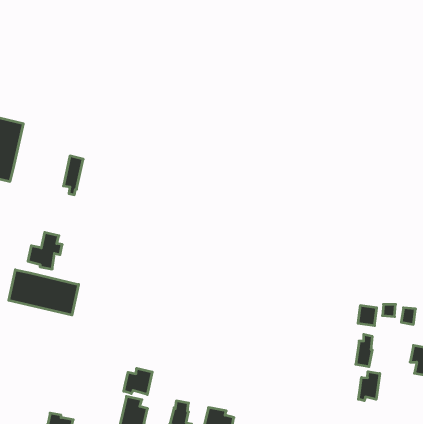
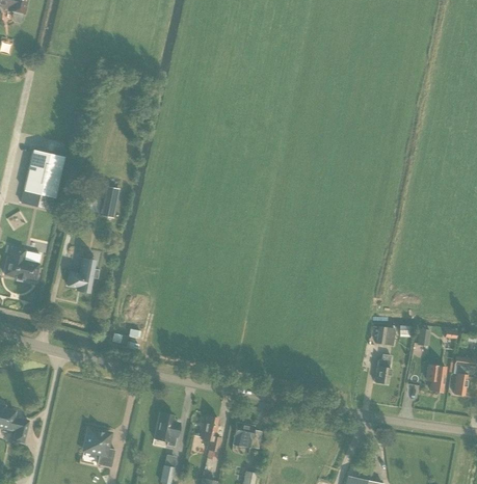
building: [9,270,79,315] -> none
building: [124,368,152,395] -> none
building: [358,372,380,401] -> none

